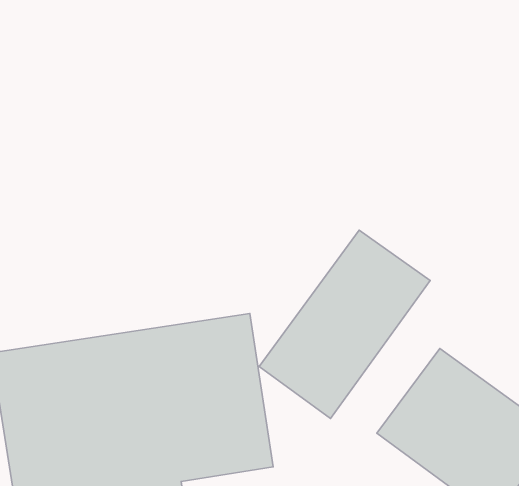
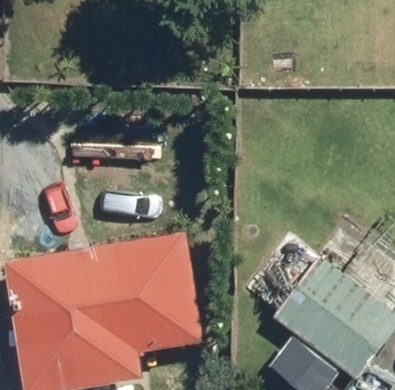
building: [259,230,430,418] -> none

